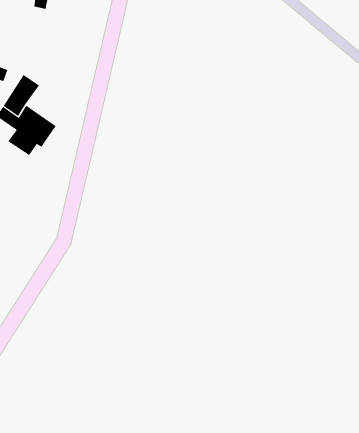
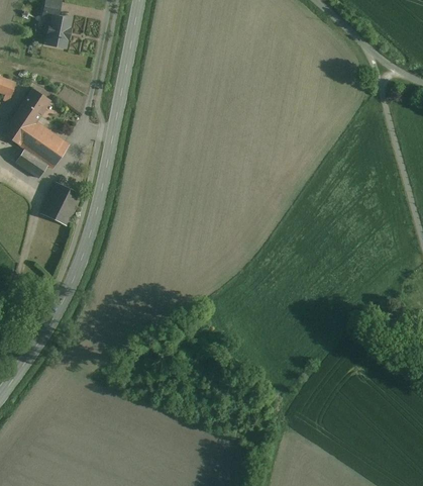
building: none -> [47,16,71,46]
building: none -> [41,182,82,225]

